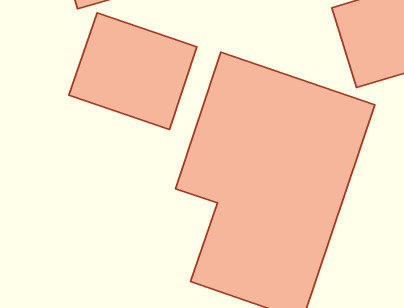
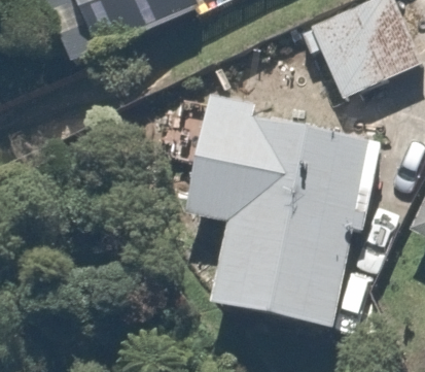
building: [69,13,197,129] -> none

